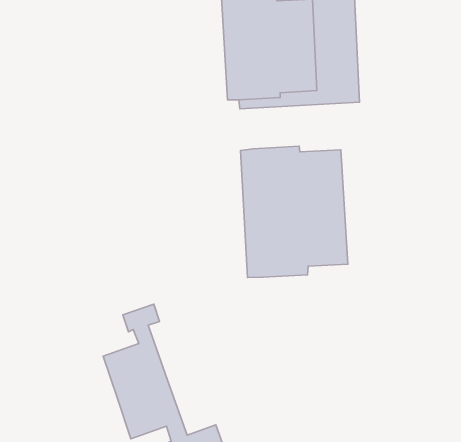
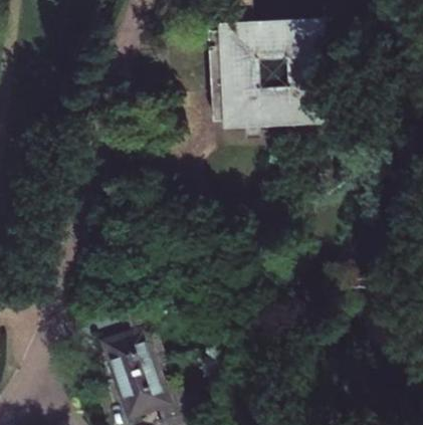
building: [240,146,348,278] -> none

